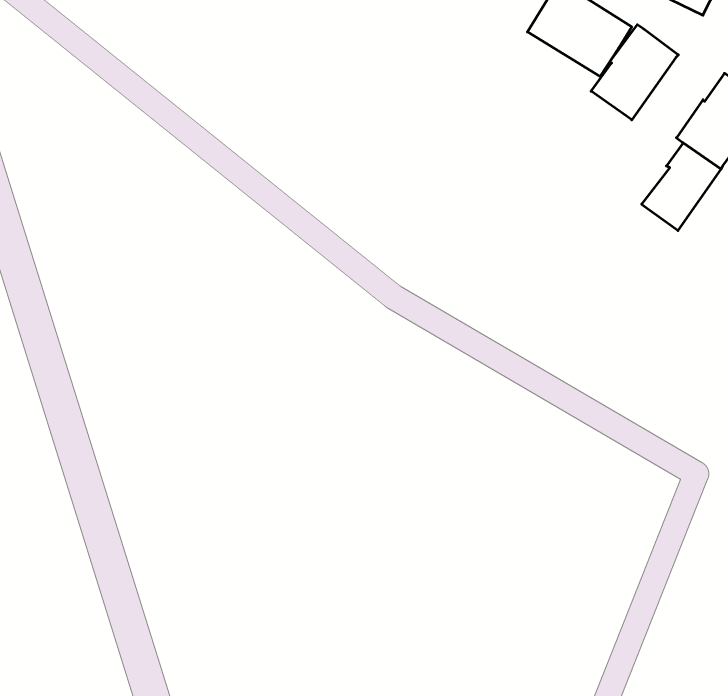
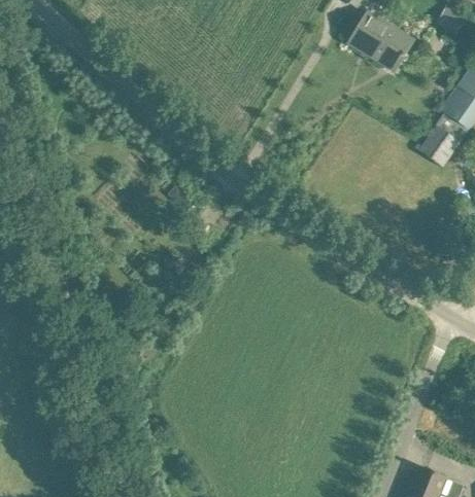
building: [591,25,678,120] -> none

